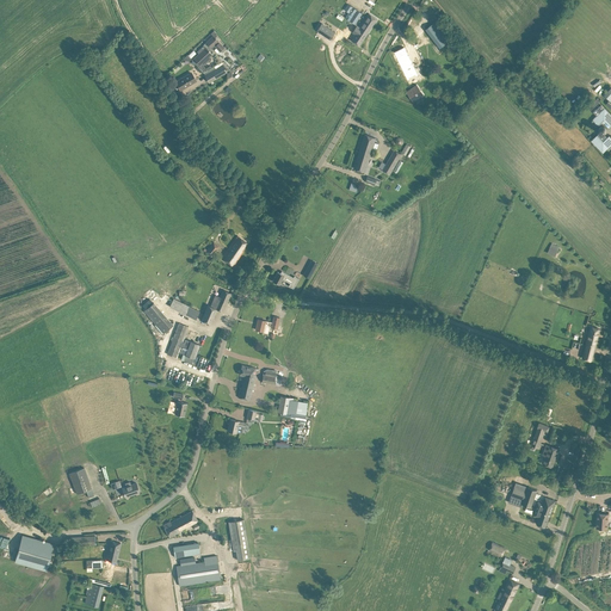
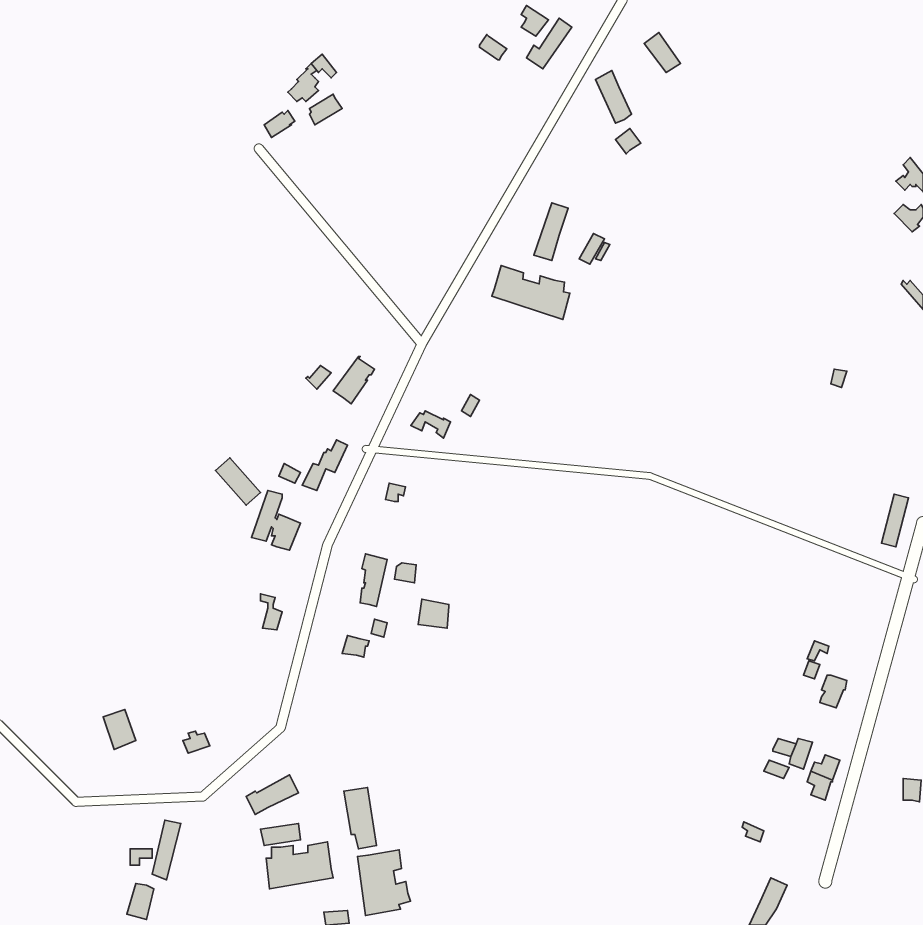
building: none -> [492,265,570,319]
building: [13,536,53,570] -> none
building: none -> [358,850,411,916]

